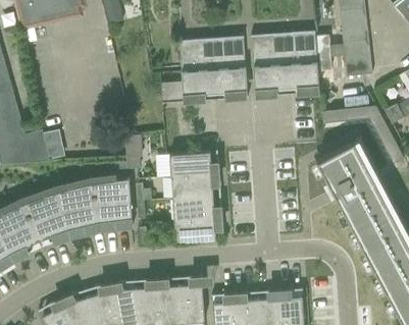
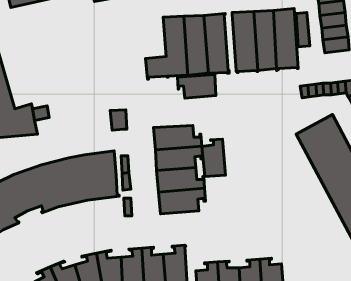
building: none -> [177,75,216,98]
building: none -> [202,139,225,177]

